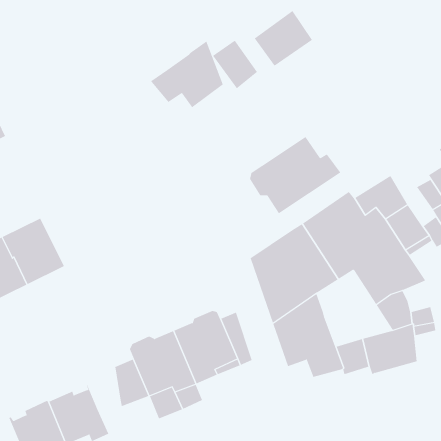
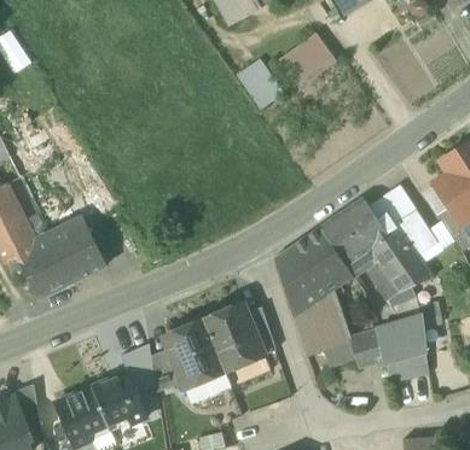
building: [151,41,223,108] -> none
building: [250,136,341,214] -> none
building: none -> [121,343,156,393]
building: none -> [385,349,429,379]

